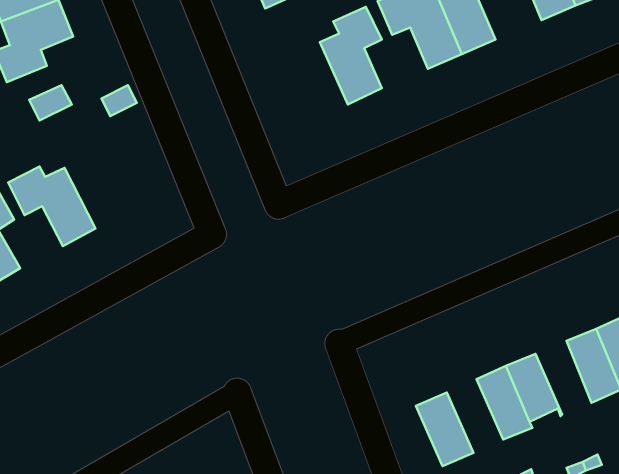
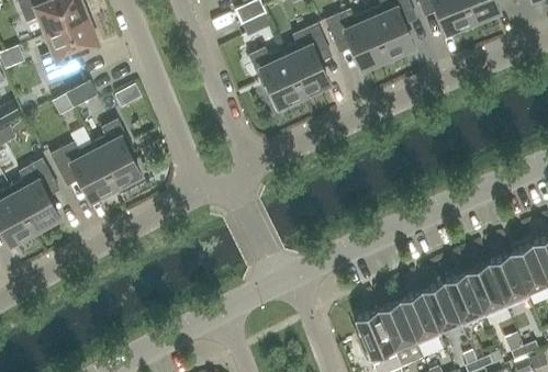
building: none -> [248,48,303,108]
building: none -> [92,120,141,189]
building: none -> [443,272,484,327]
building: none -> [377,301,418,356]

